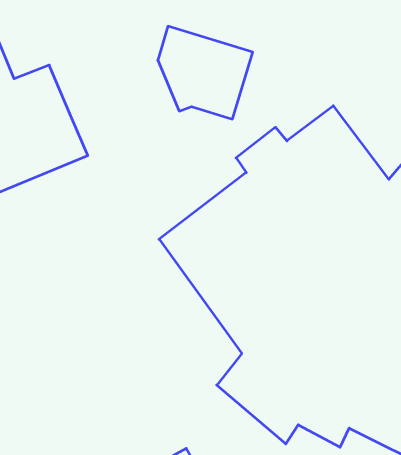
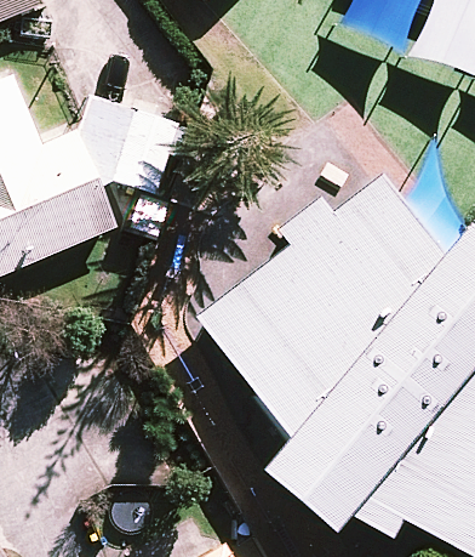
building: [158,26,253,119] -> [79,92,181,192]

